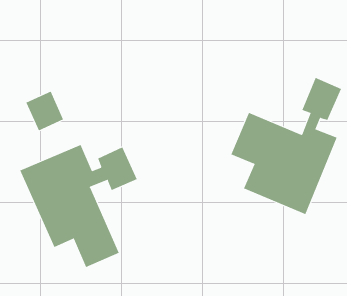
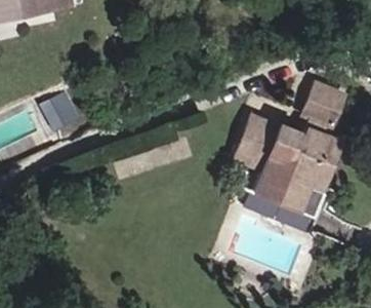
building: [20,144,138,268] -> none

